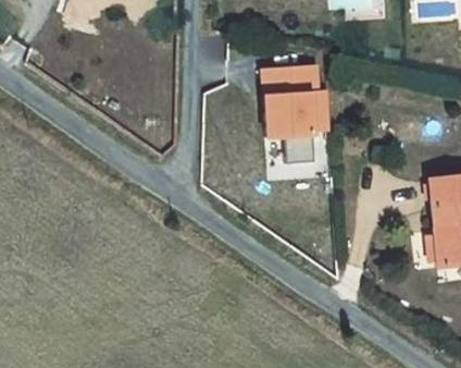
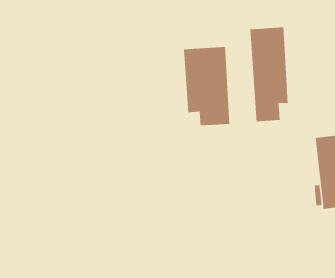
building: none -> [250,27,288,122]

